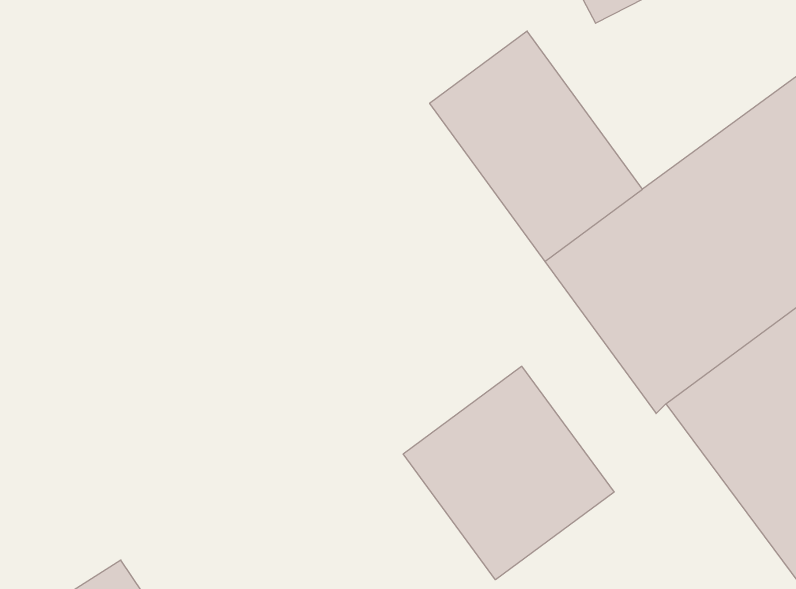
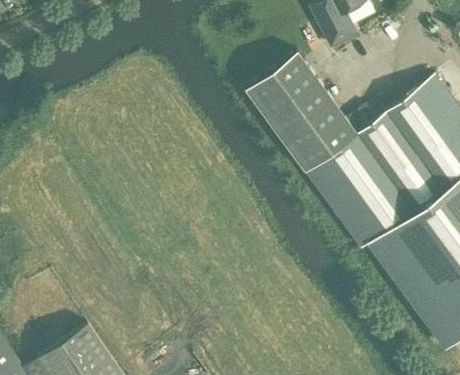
building: [403,366,614,580] -> none

